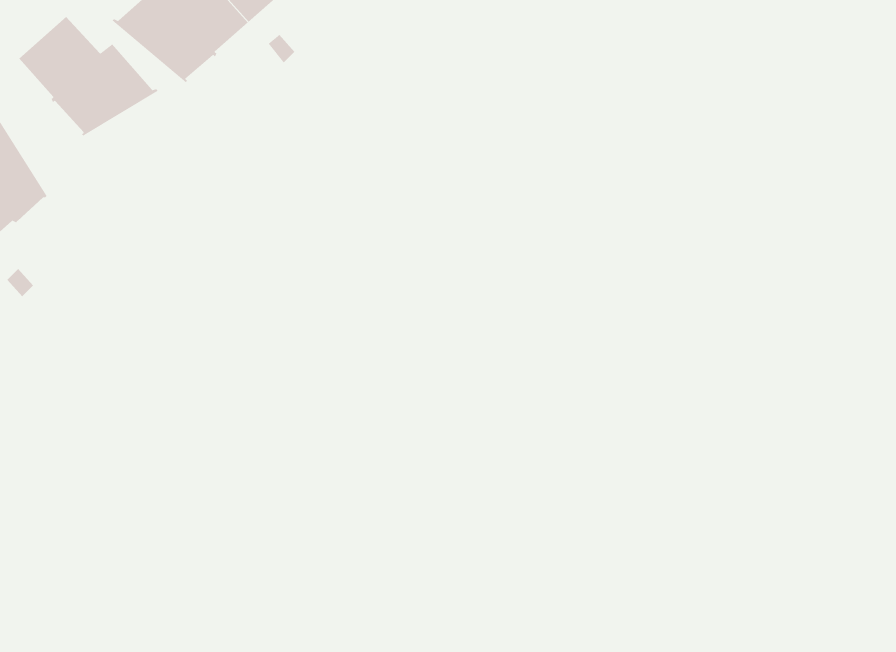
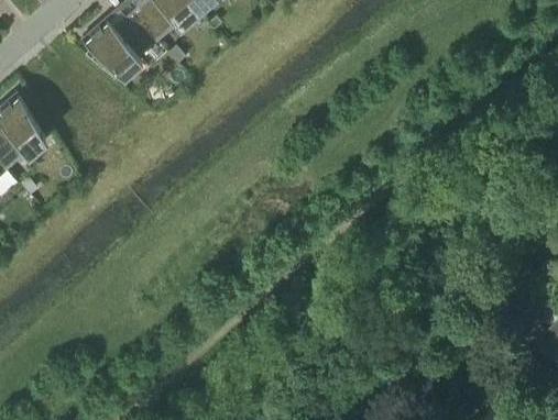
building: [18,16,159,136] -> none

